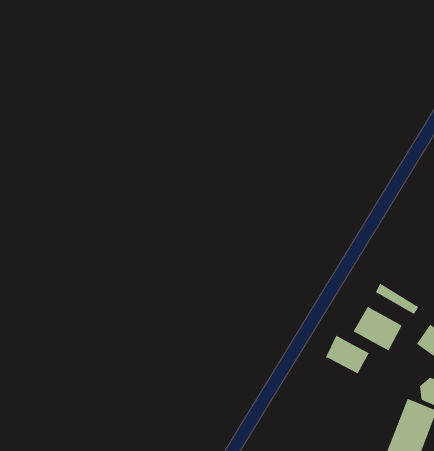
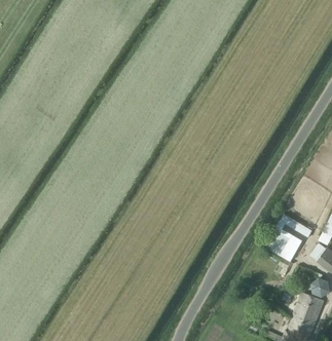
building: [325,335,370,374] -> none

